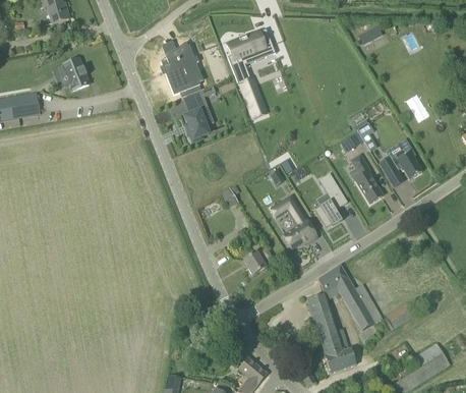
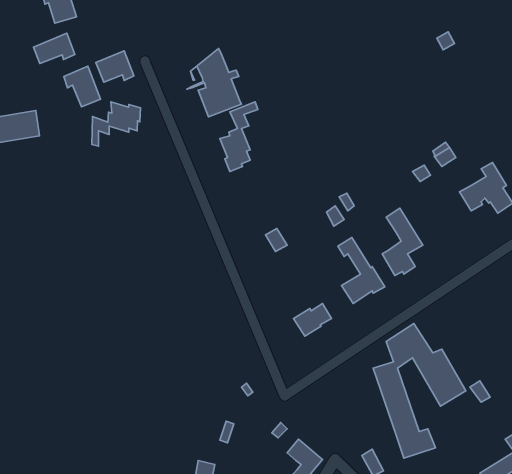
building: none -> [33,33,75,64]
building: [226,33,276,117] -> none
building: none -> [96,51,134,82]
building: none -> [92,102,140,146]
building: [350,154,381,201] -> none

